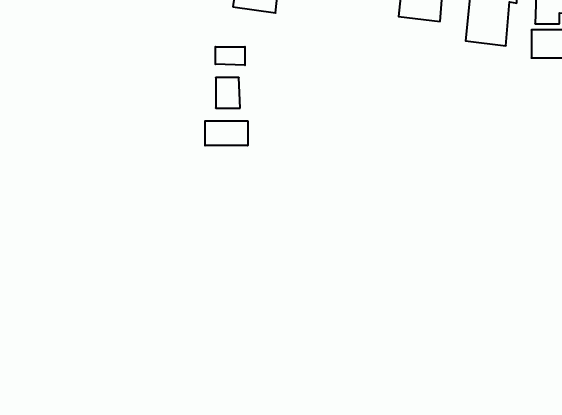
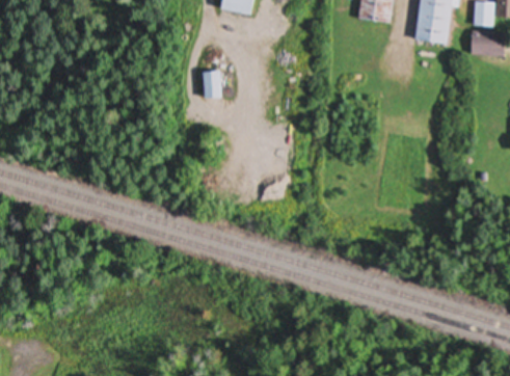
building: [215,47,245,65] -> none
building: [205,121,248,146] -> none

